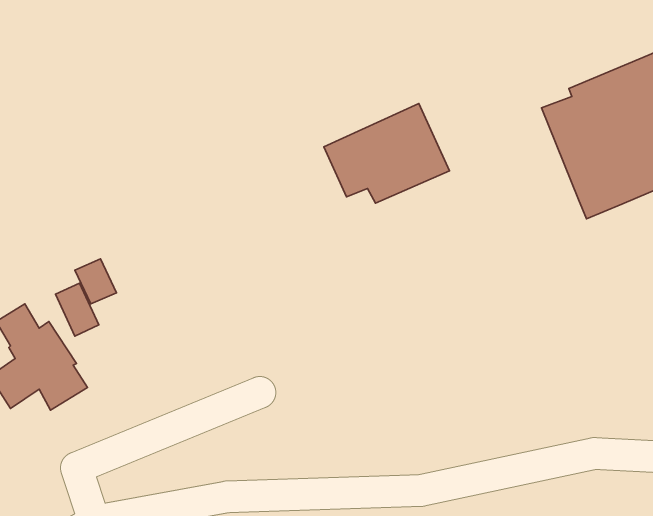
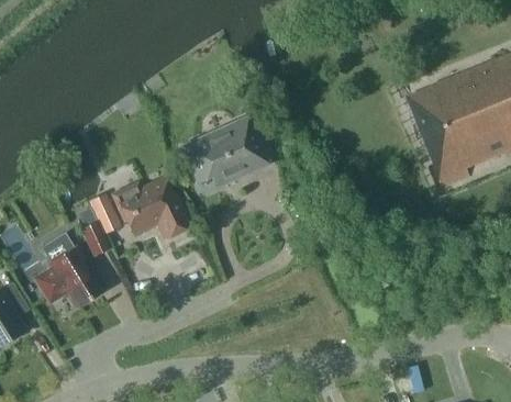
building: [324,103,449,203] -> [184,118,269,186]
building: none -> [114,179,190,237]

